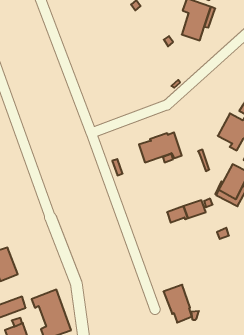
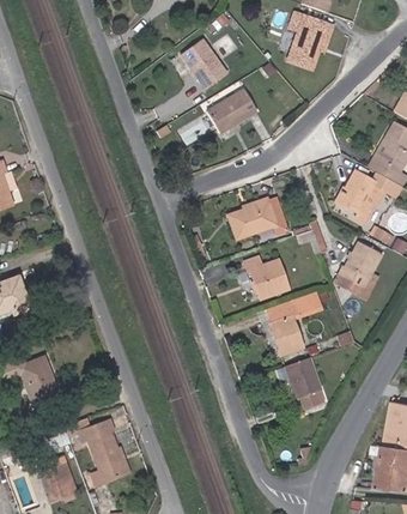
building: none -> [181,40,227,90]
building: none -> [206,89,257,134]
building: none -> [244,256,290,300]
building: none -> [269,316,303,356]
building: [163,285,192,323] -> [284,357,323,410]

